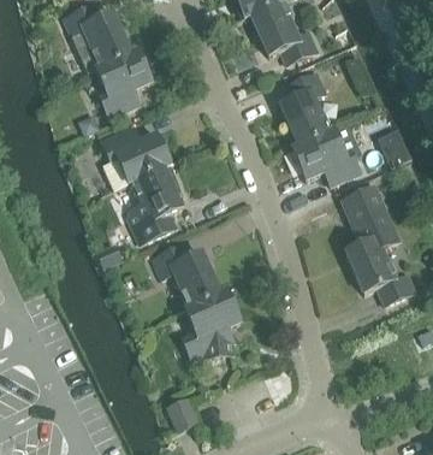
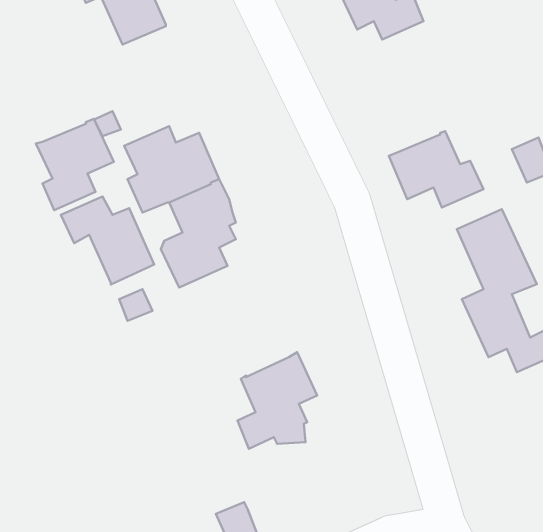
building: [95,49,152,116] -> [36,119,114,210]
building: [280,71,330,144] -> none
building: [153,243,220,307] -> [61,196,154,285]

